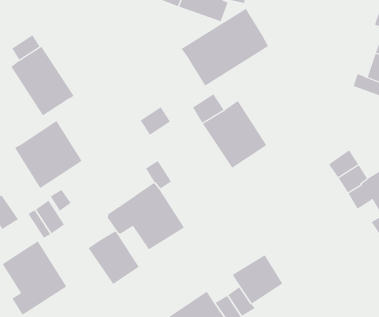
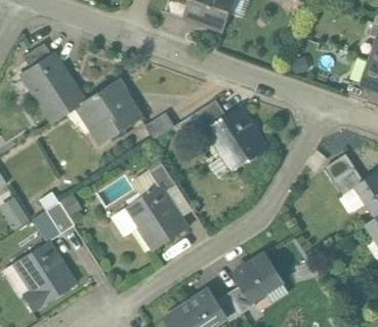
building: [181,8,269,87] -> none
building: [14,120,83,189] -> [76,79,141,145]
building: [88,231,140,285] -> none

